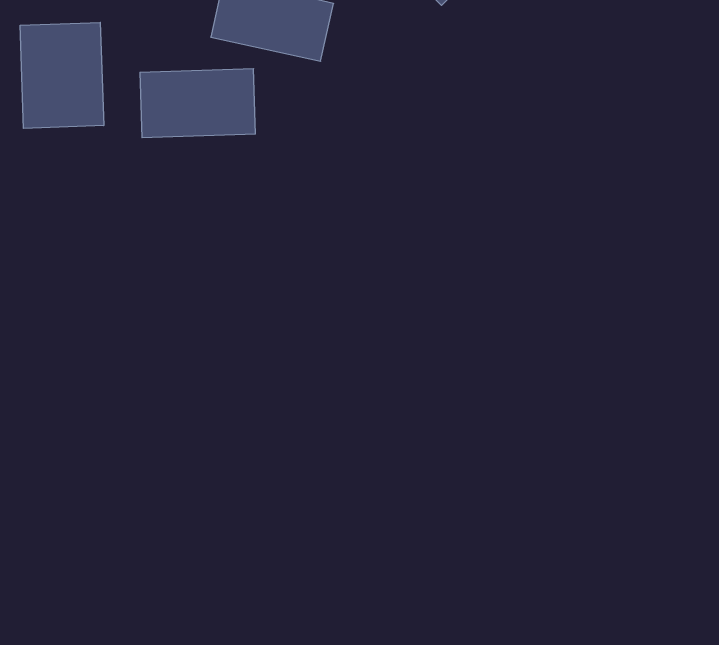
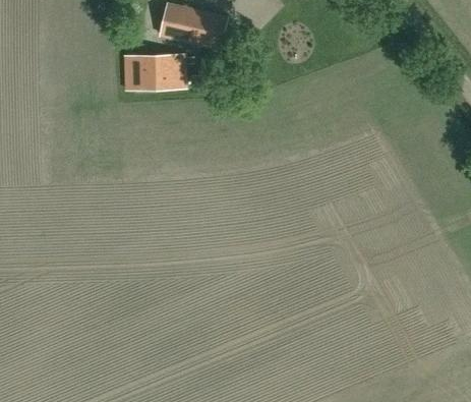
building: [20,22,104,128] -> none

